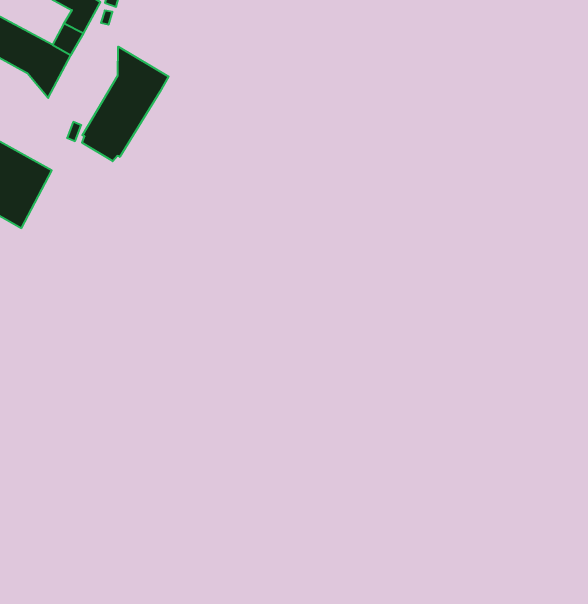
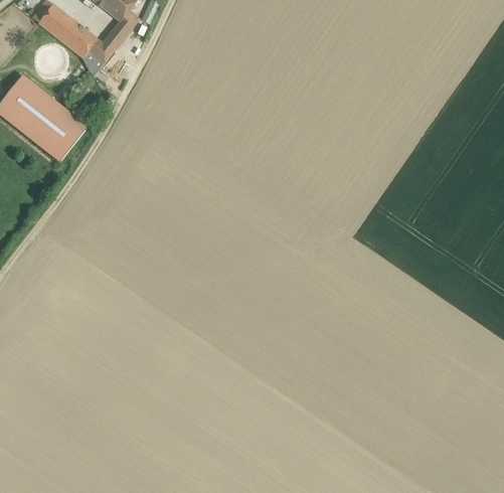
building: [82,47,169,161] -> none

